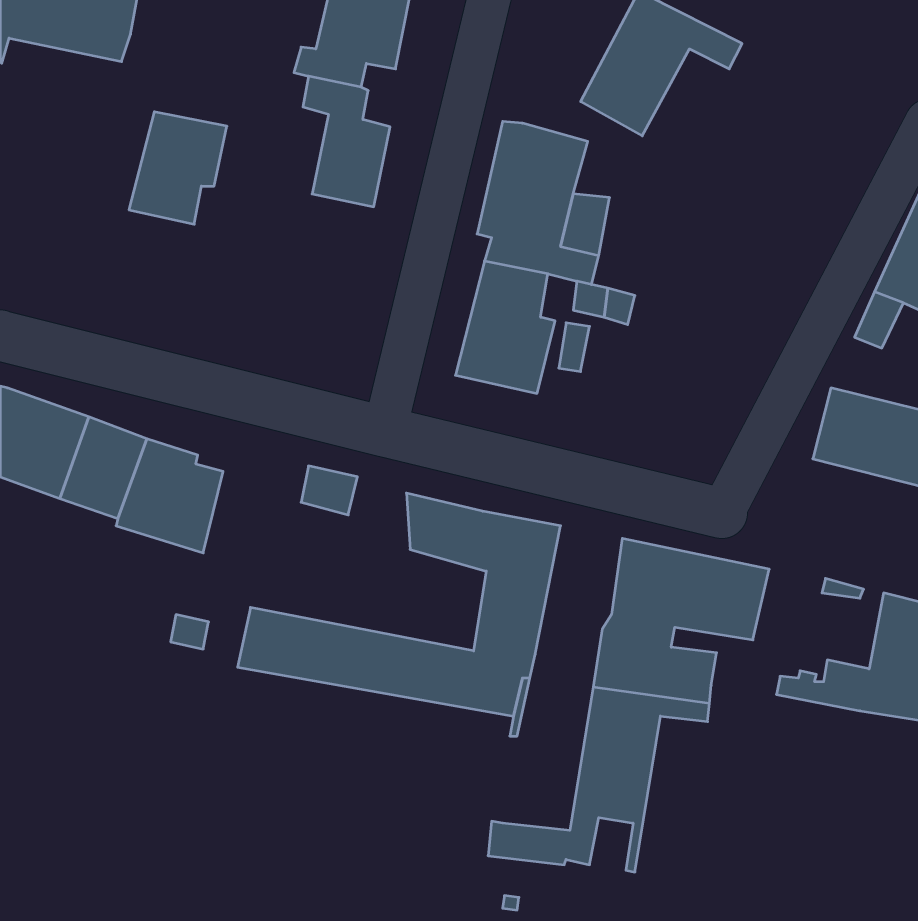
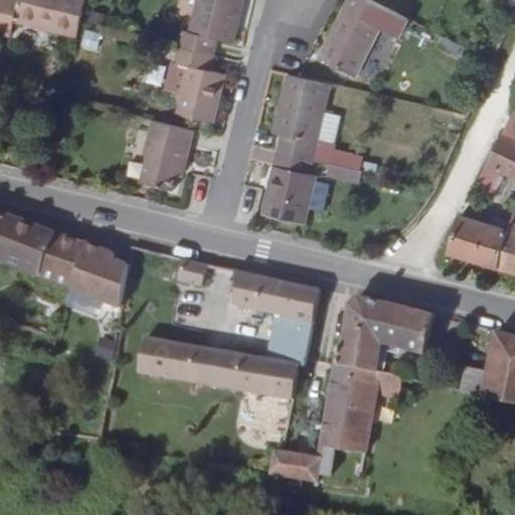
building: [129,112,227,224] -> [133,117,187,179]

